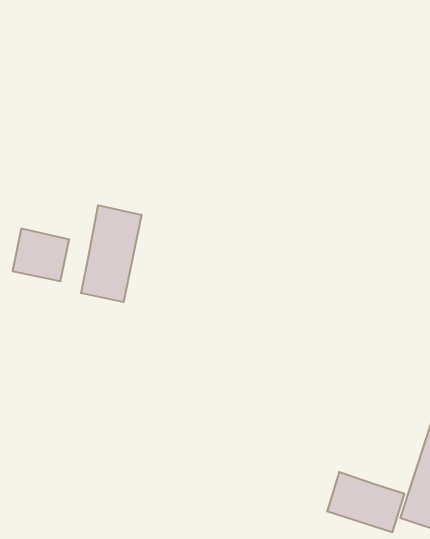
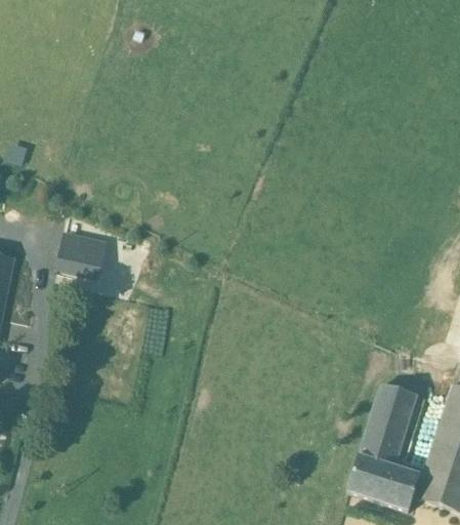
building: [81,205,142,302] -> none
building: none -> [360,382,418,466]

